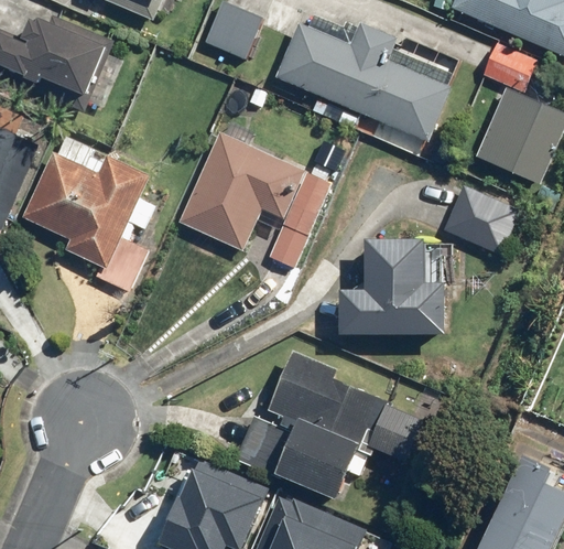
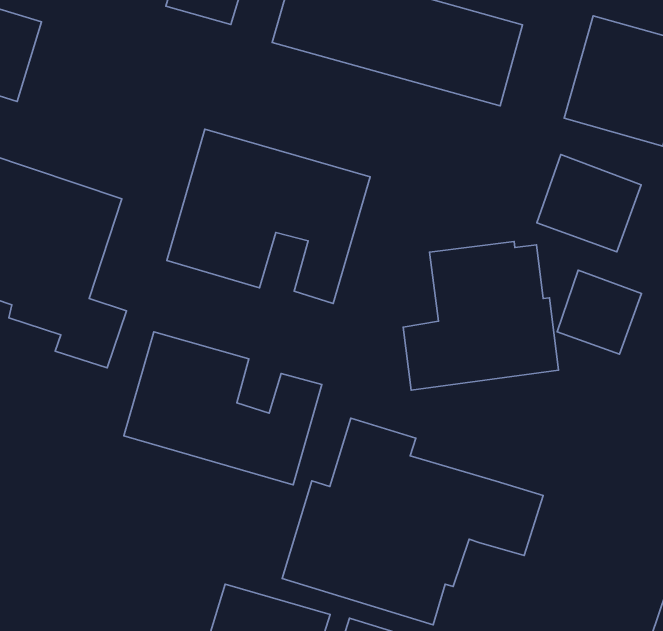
building: none -> [557,270,641,354]
building: none -> [124,332,322,485]

